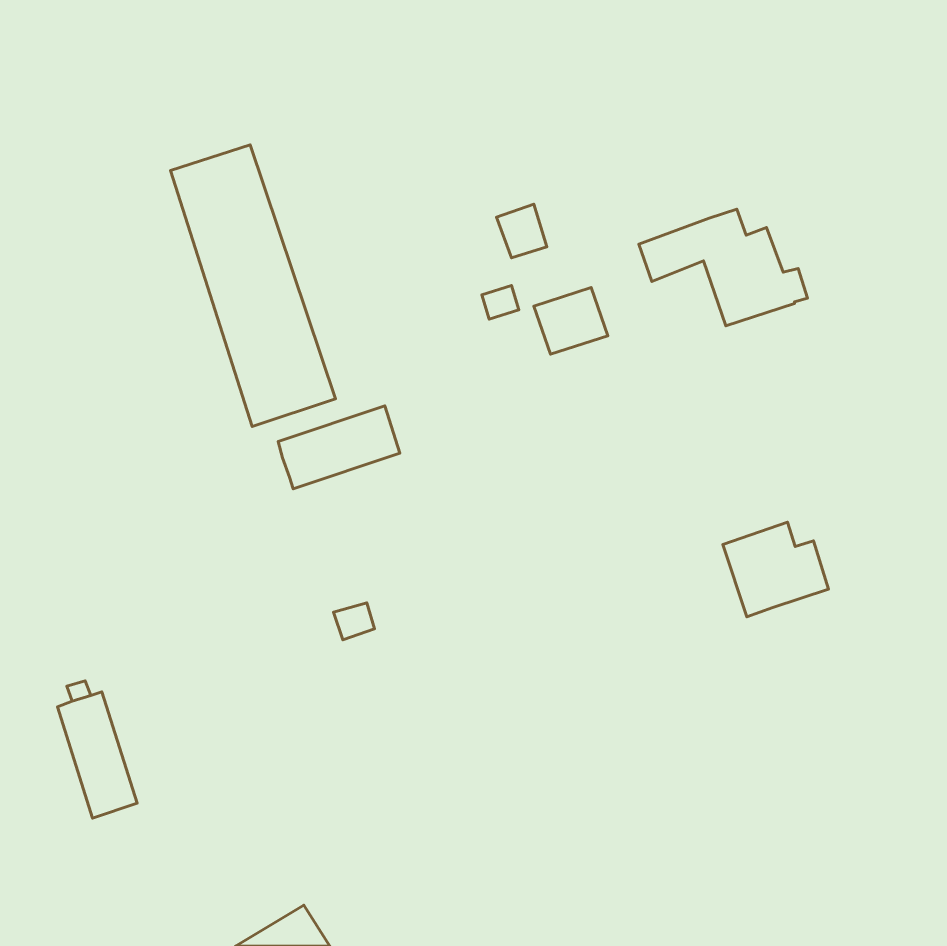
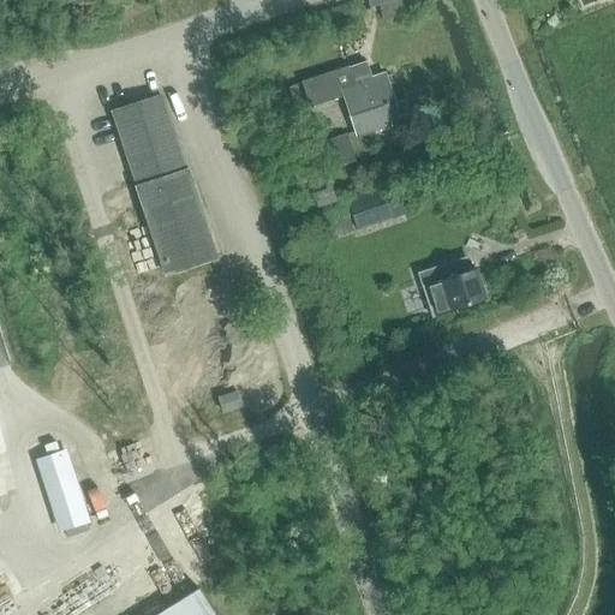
building: [639,209,807,326] -> [301,60,411,136]
building: [278,406,400,489] -> none
building: [723,522,828,617] -> [418,257,486,318]

